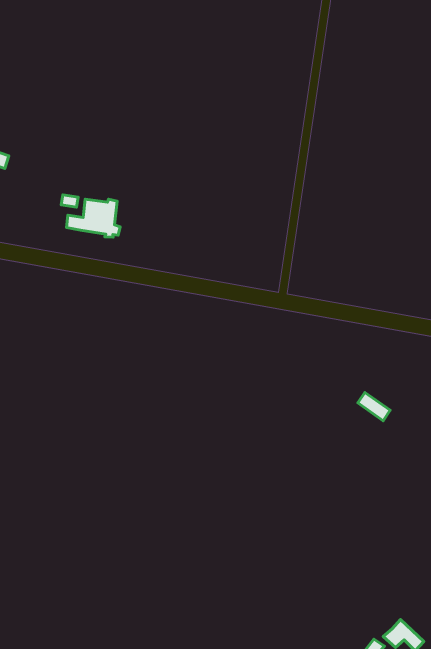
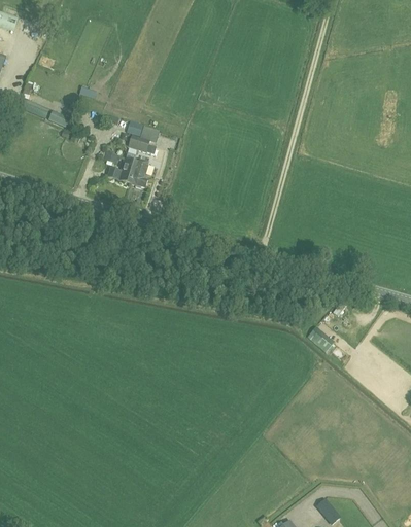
building: none -> [128,120,157,153]

